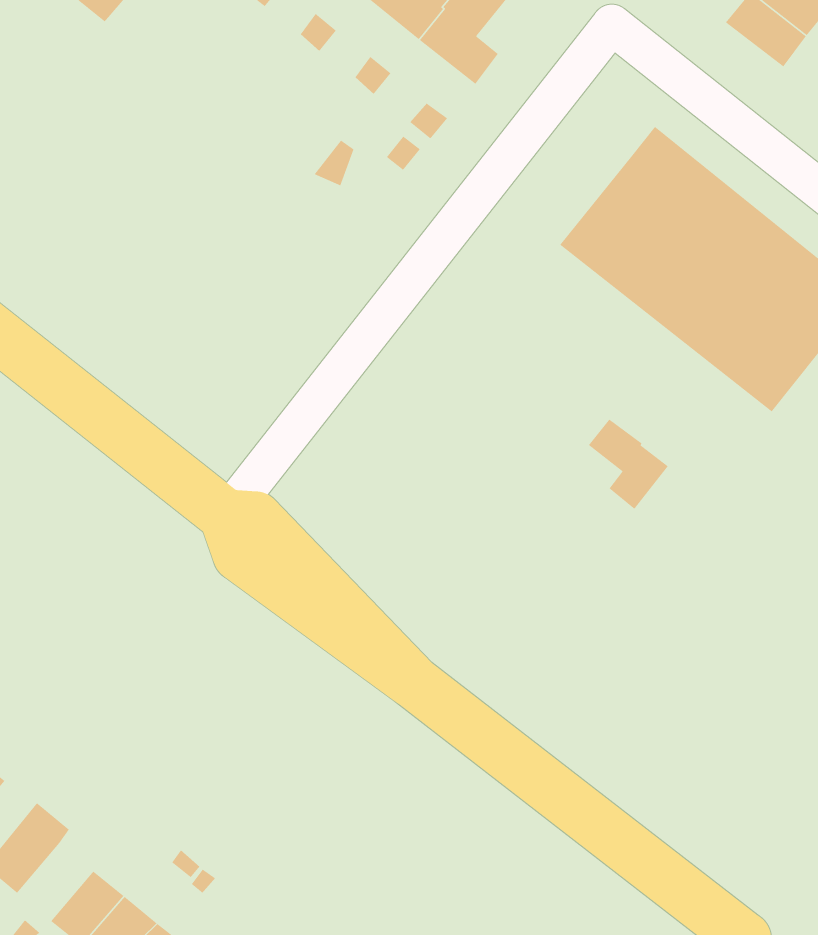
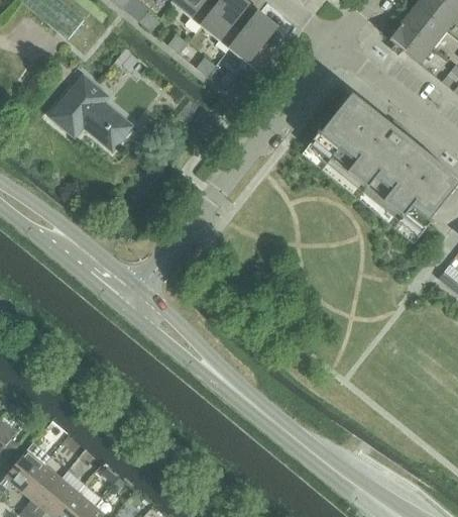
building: none -> [50,75,134,149]
building: [588,418,669,510] -> none
building: none -> [23,463,63,504]

